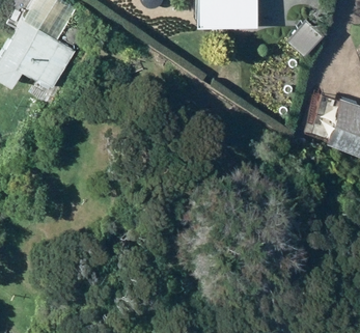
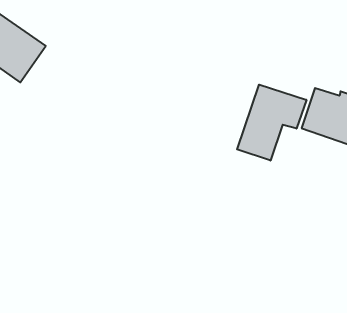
building: none -> [237,85,306,161]

